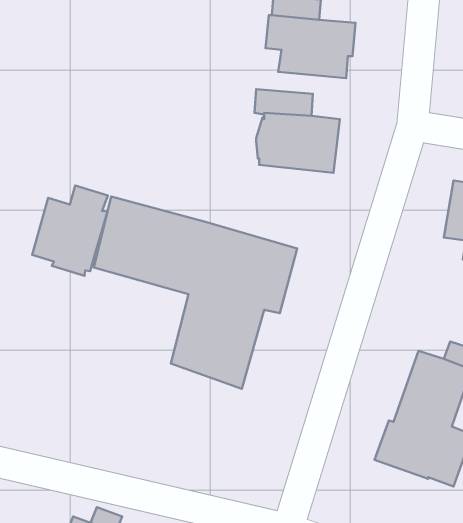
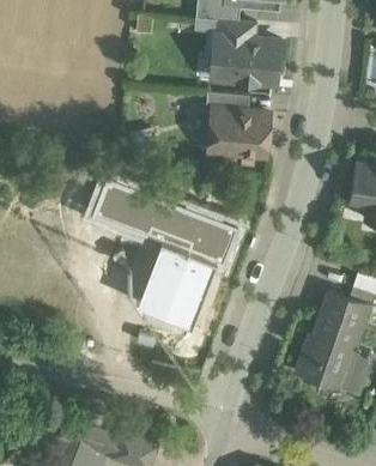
building: [32,186,108,276] -> none

